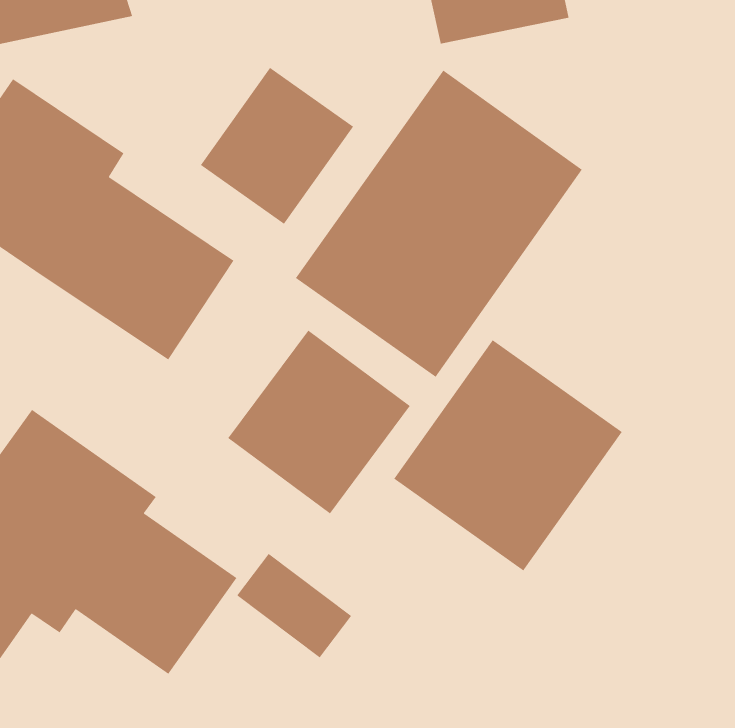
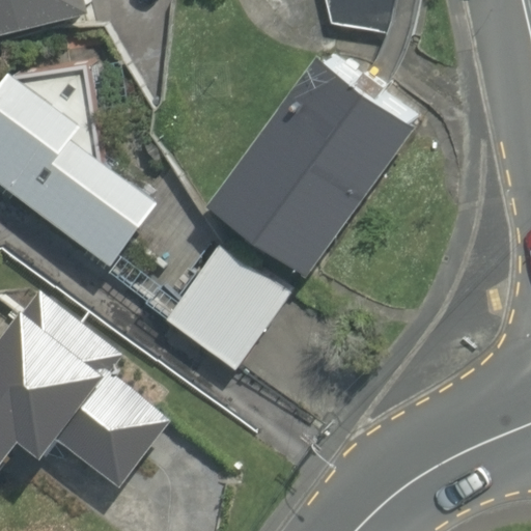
building: [200,67,354,225] -> none
building: [393,339,623,572] -> none

